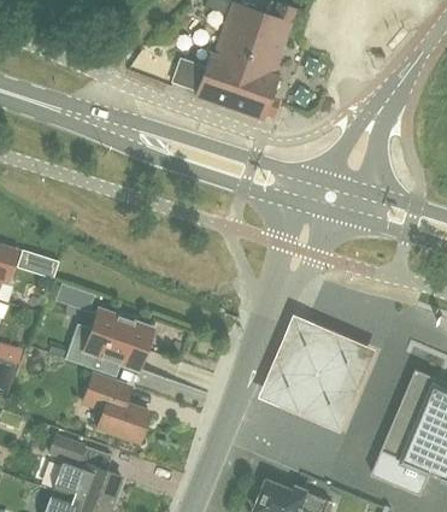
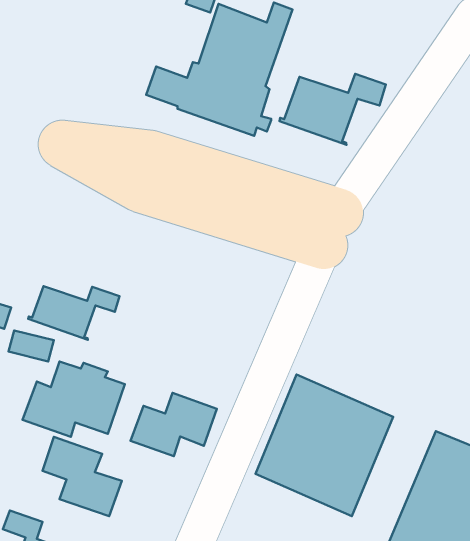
building: none -> [279,74,386,145]
building: none -> [28,286,120,340]
building: none -> [130,393,217,456]

